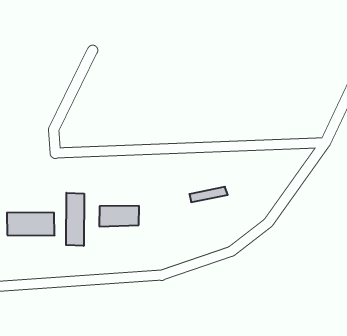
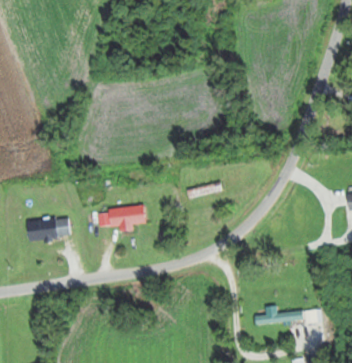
building: [66,193,84,246] -> none

